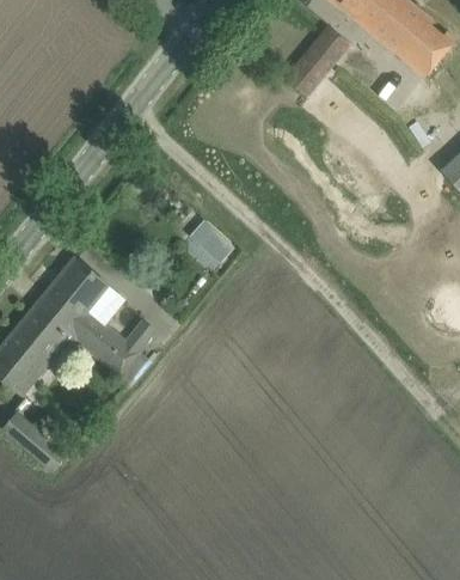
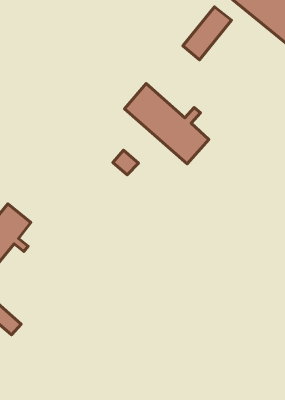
building: none -> [125,83,209,164]
building: [48,258,153,381] -> none

